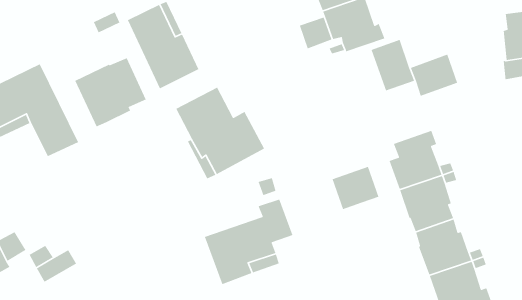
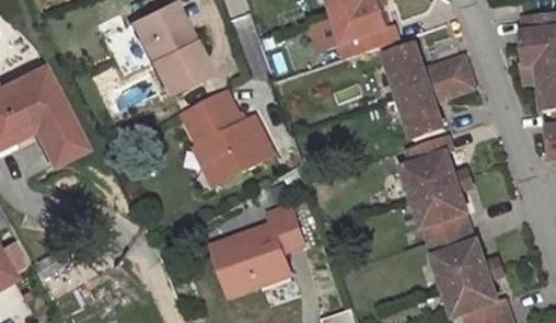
building: [74,57,147,127] -> none
building: none -> [399,84,445,140]
building: [331,166,380,210] -> none

